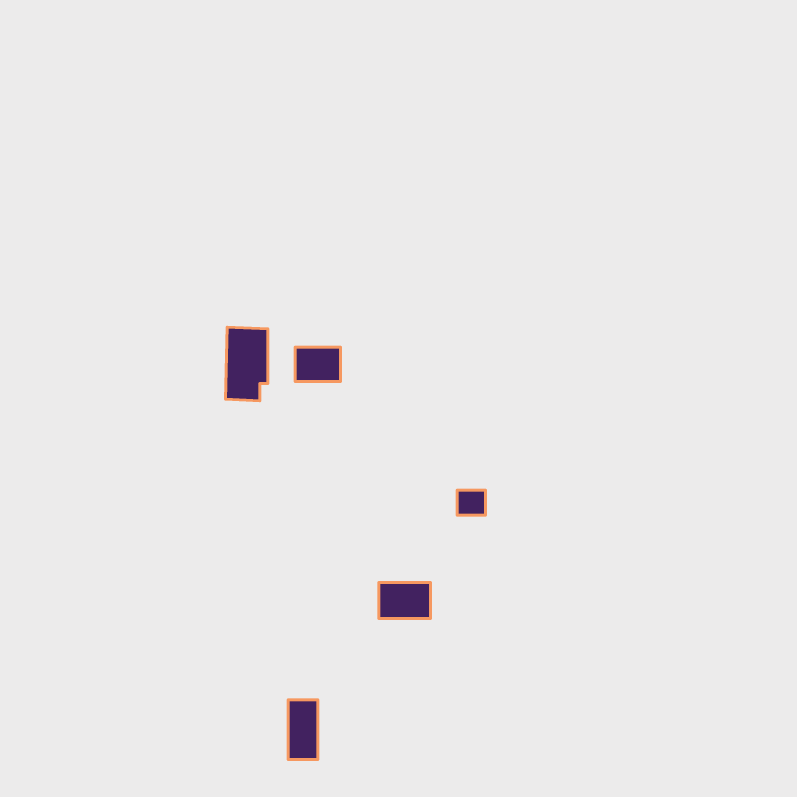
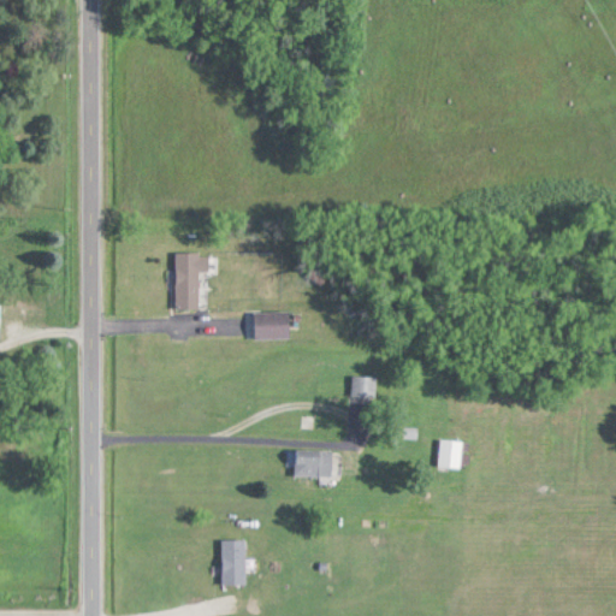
building: [295,347,340,382] -> [253,313,288,339]
building: none -> [437,440,461,469]

